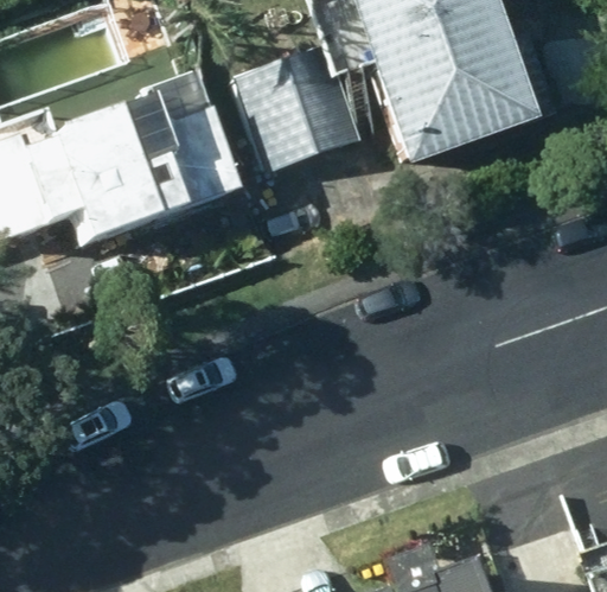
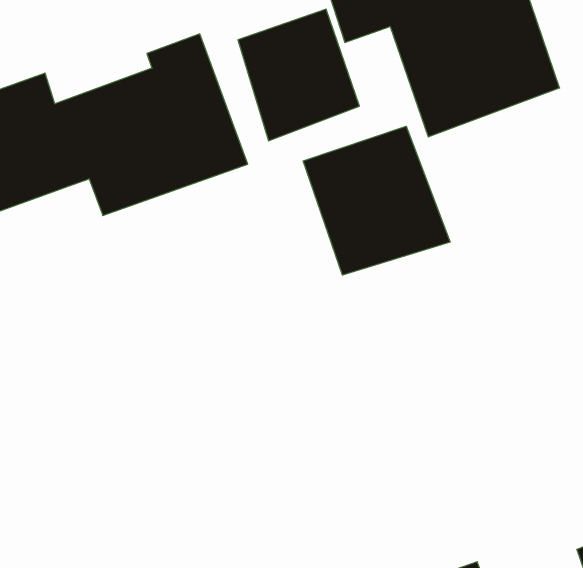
building: none -> [303,126,450,275]

